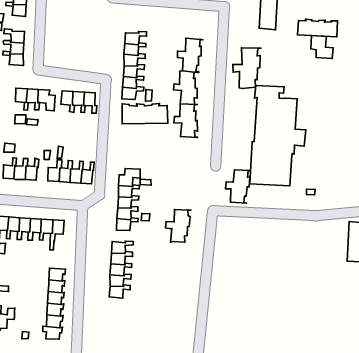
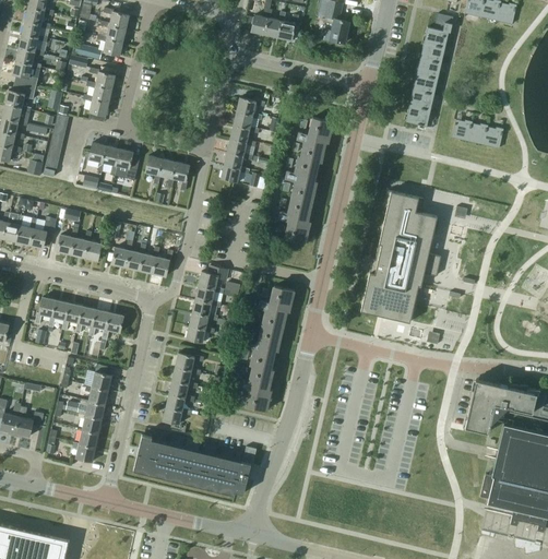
building: [311,36,333,59] -> none
building: [233,48,261,88] -> none
building: [122,104,168,124] -> none
building: [226,170,251,203] -> [259,287,294,331]
building: none -> [240,366,273,411]
building: none -> [133,435,257,493]

